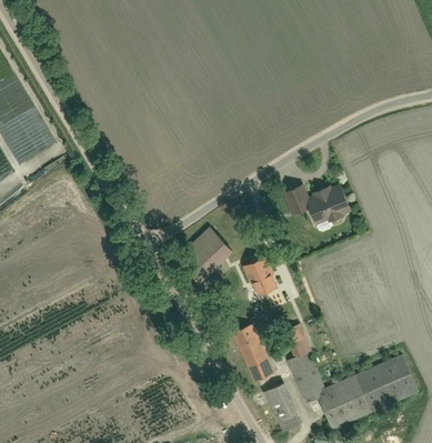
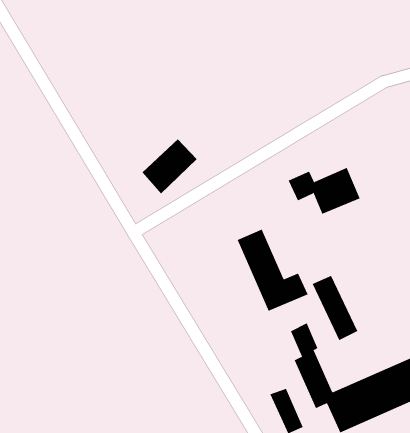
building: [181,225,232,276] -> [142,139,197,195]
building: [232,320,274,380] -> [312,275,358,341]

